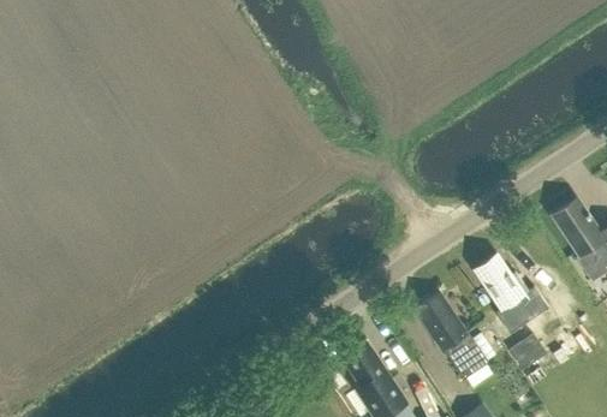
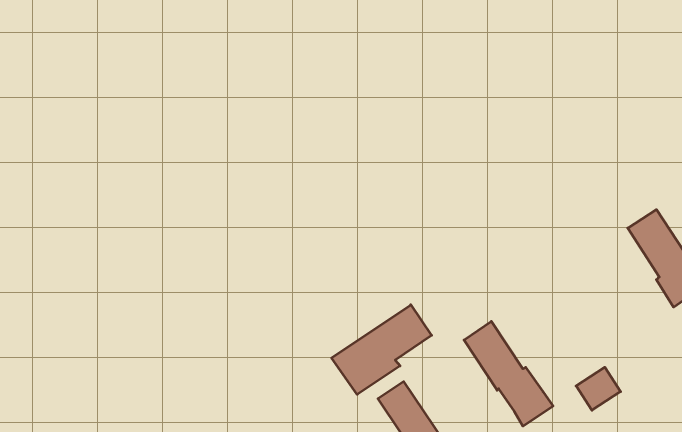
building: [477,257,526,329] -> none
building: none -> [332,305,432,394]

